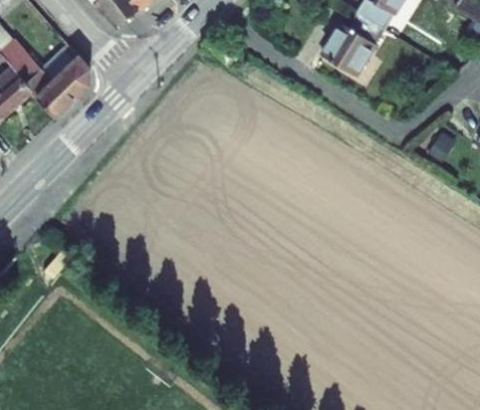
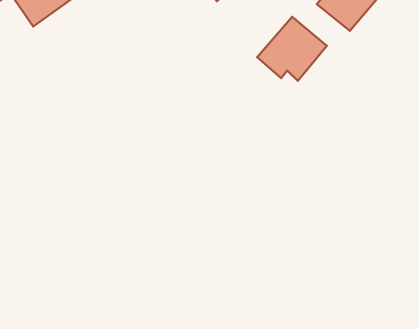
building: none -> [257,17,327,81]

